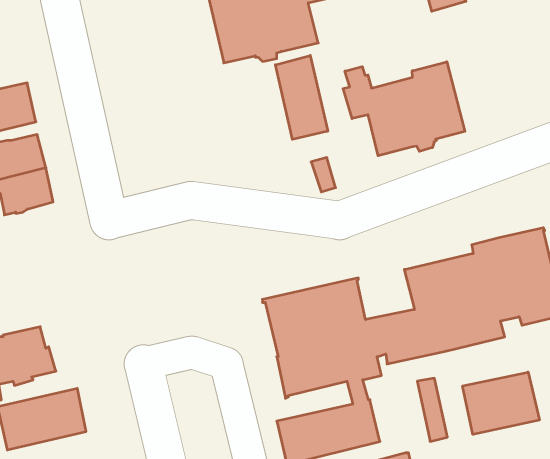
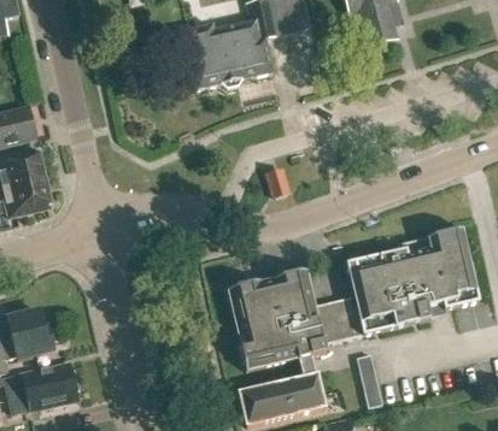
building: [275,55,328,139] -> none
building: [343,62,465,156] -> none
building: [463,372,539,434] -> none

